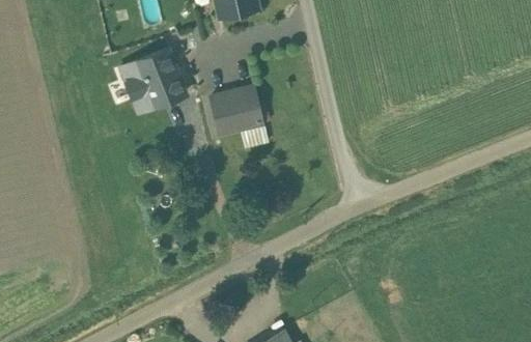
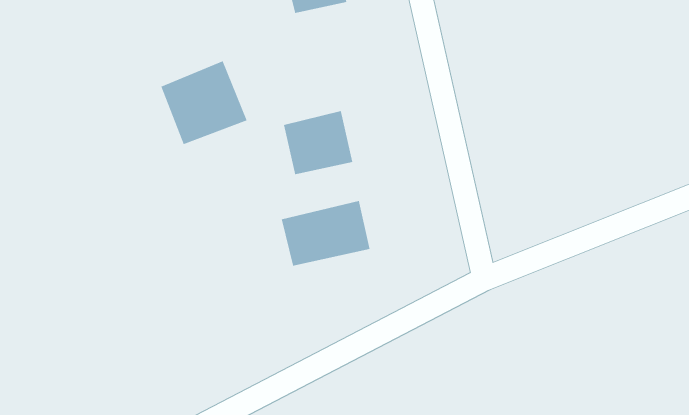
building: none -> [281,200,370,267]

